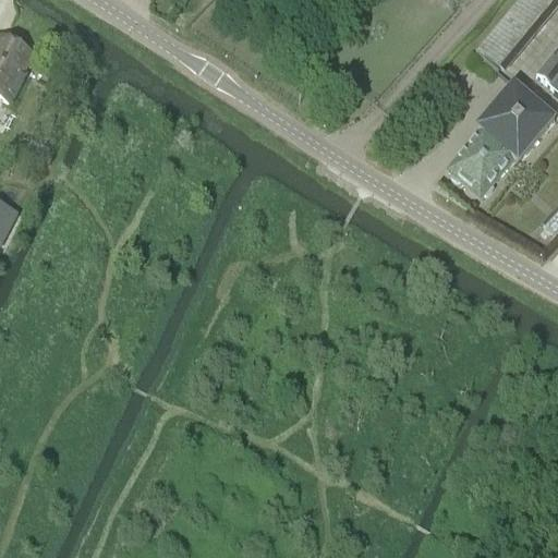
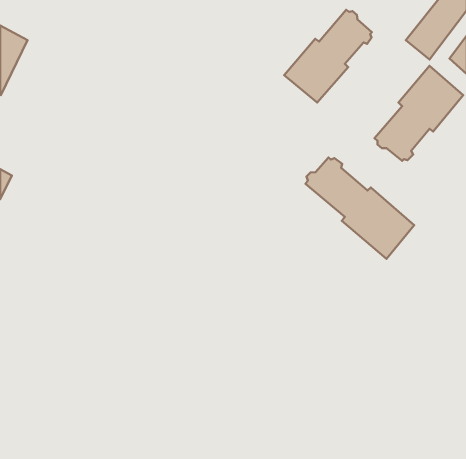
building: none -> [284,10,372,102]
building: none -> [306,157,414,259]

